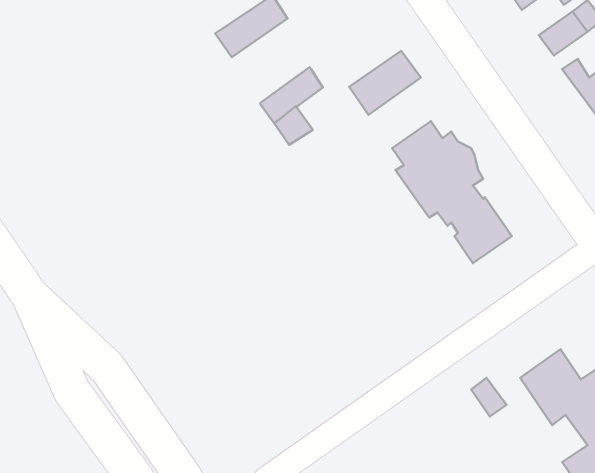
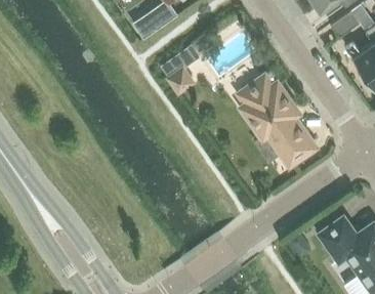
building: [349,51,421,115] -> none

